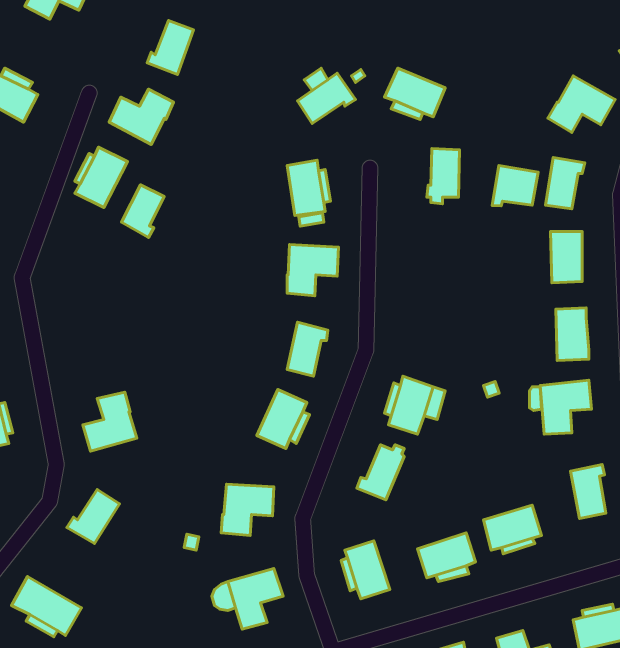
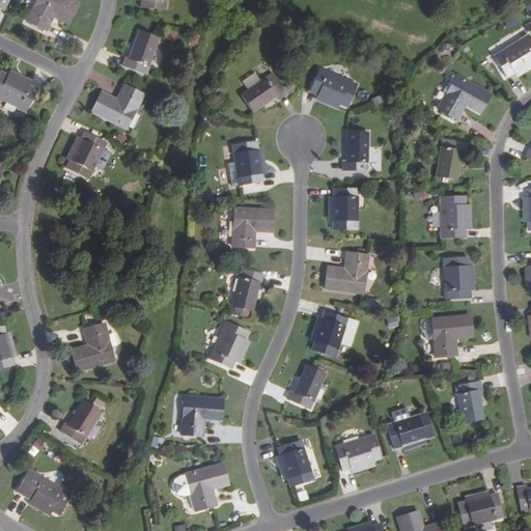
building: [492,165,538,206] -> none
building: [121,185,164,238] -> none
building: none -> [333,188,358,228]
building: none -> [325,251,368,292]

